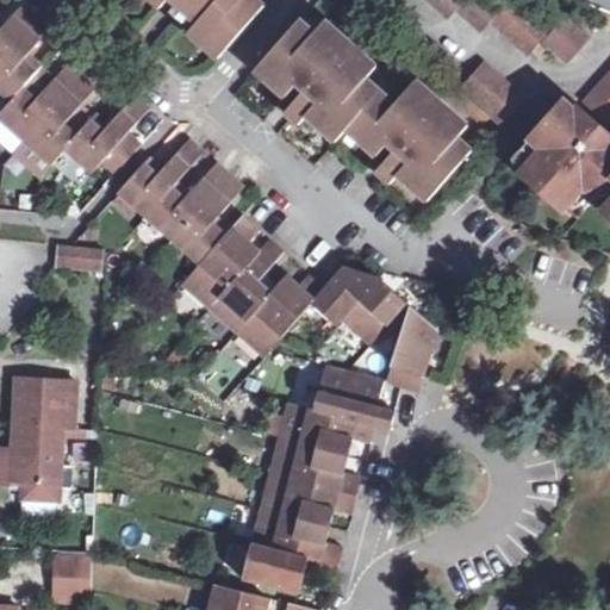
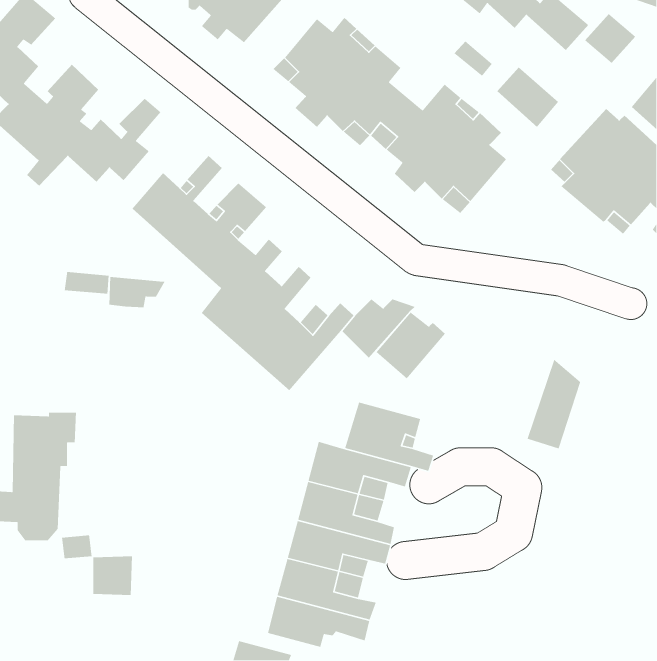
building: none -> [109,276,166,308]
building: [390,311,440,394] -> [526,358,581,450]
building: [55,556,92,593] -> [93,555,133,596]

